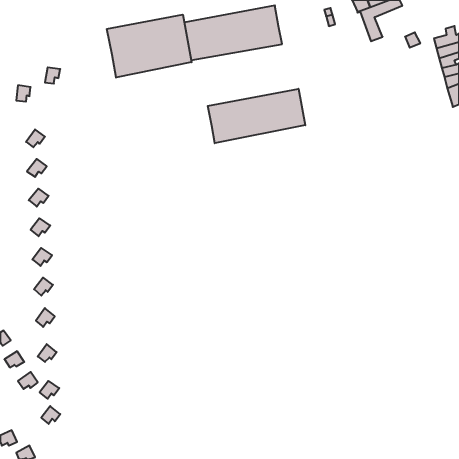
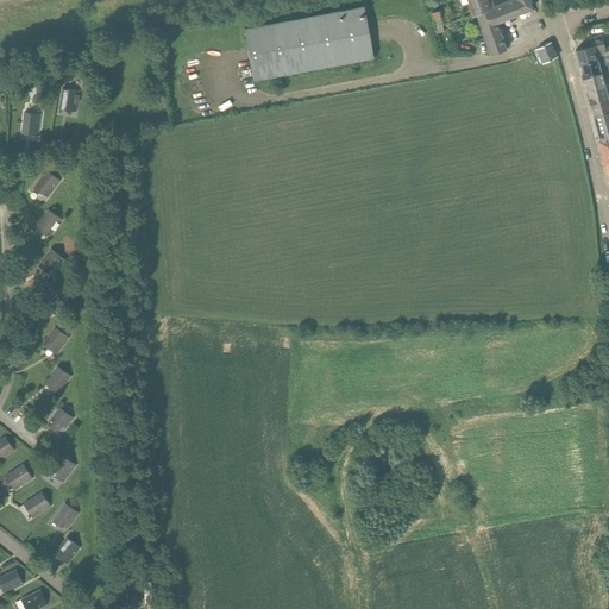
building: [107,15,192,78] -> none
building: [208,89,305,143] -> none

